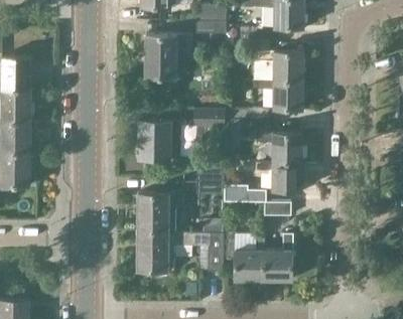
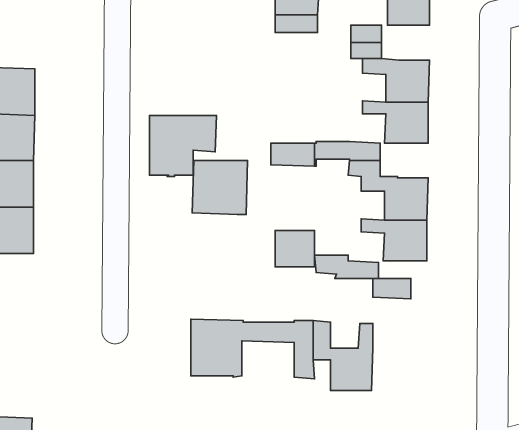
building: [145,34,191,76] -> [150,115,217,176]
building: [137,192,174,231] -> none
building: [262,234,291,281] -> none

